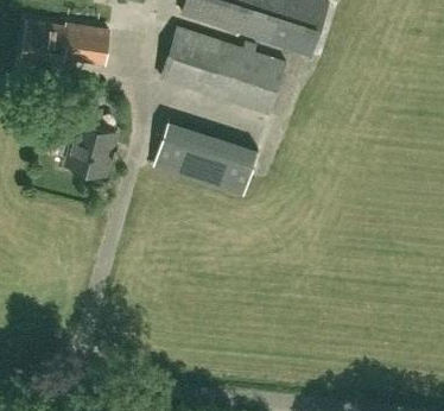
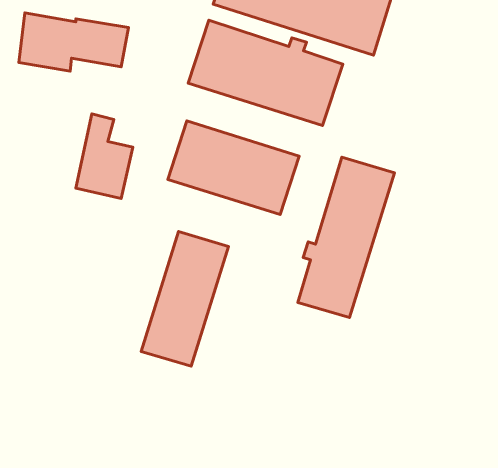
building: none -> [298,157,395,318]
building: none -> [141,232,228,366]

